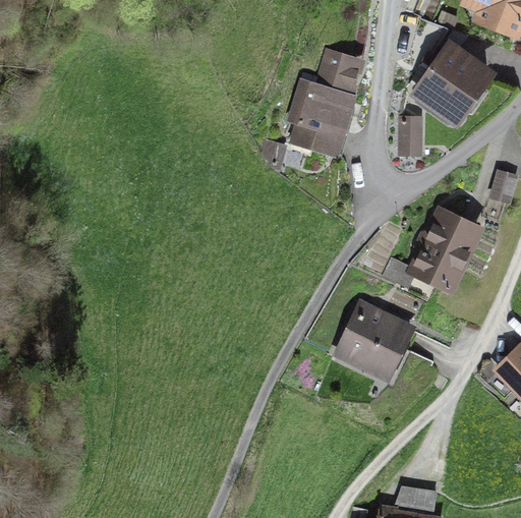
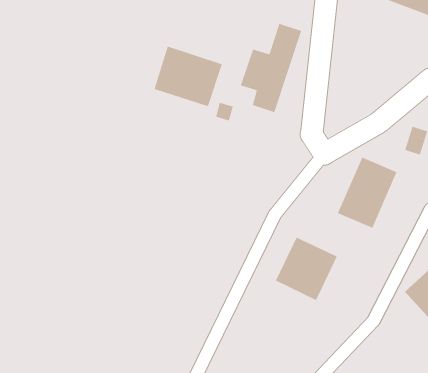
building: [408,40,493,126] -> none
building: none -> [154,45,223,107]
building: [400,120,424,159] -> none

